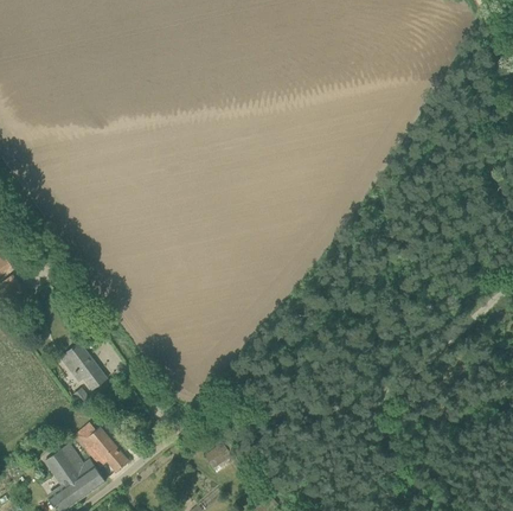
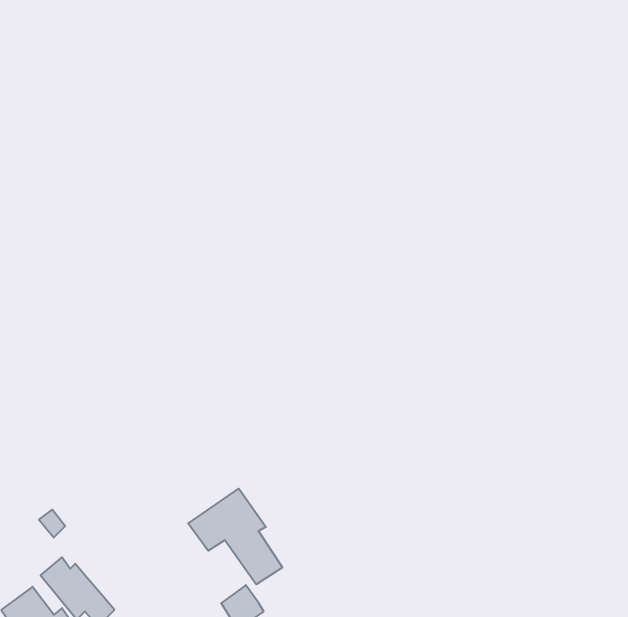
building: [64,343,105,390] -> none
building: none -> [188,489,282,584]

